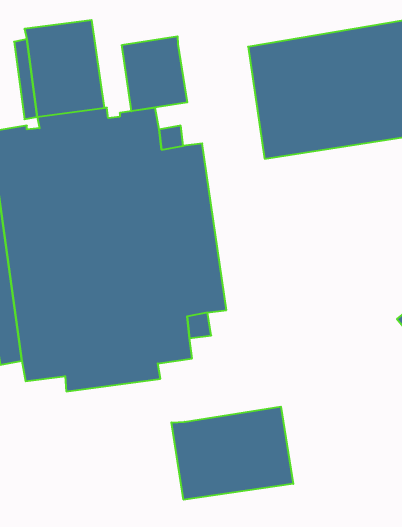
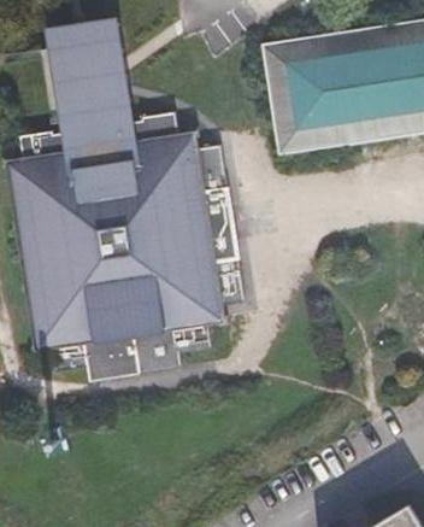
building: [122,36,187,111] -> none
building: [171,407,293,500] -> none

